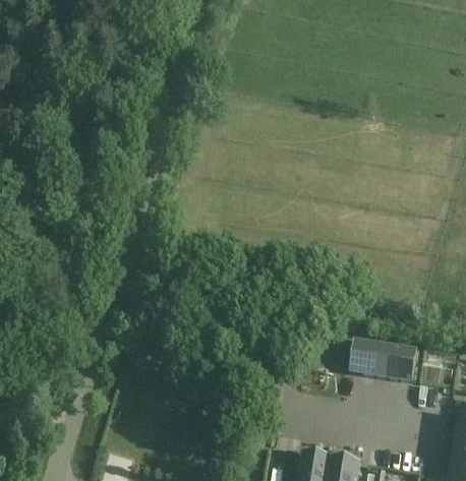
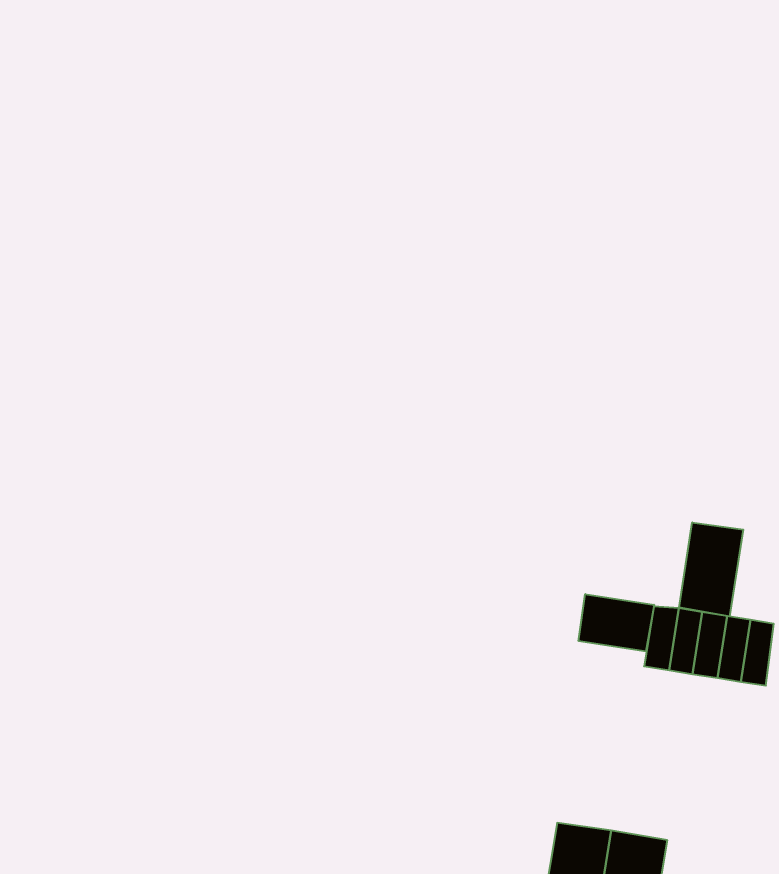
building: none -> [679,522,743,616]
building: none -> [579,594,654,651]

